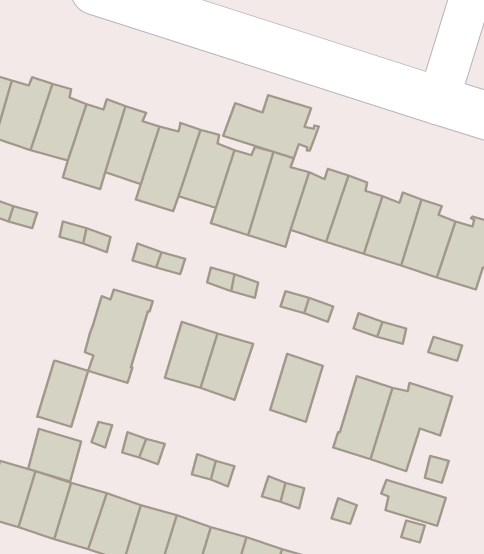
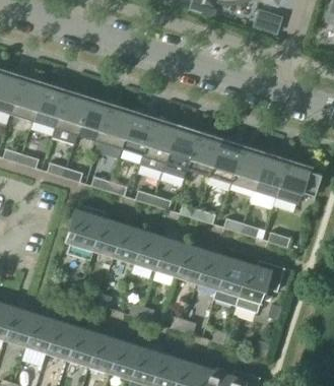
building: [223,95,319,158] -> none
building: none -> [153,237,185,276]
building: [37,361,88,427] -> [91,217,122,257]
building: none -> [196,250,226,290]
building: [28,429,81,482] -> none
building: [381,480,446,526] -> none

